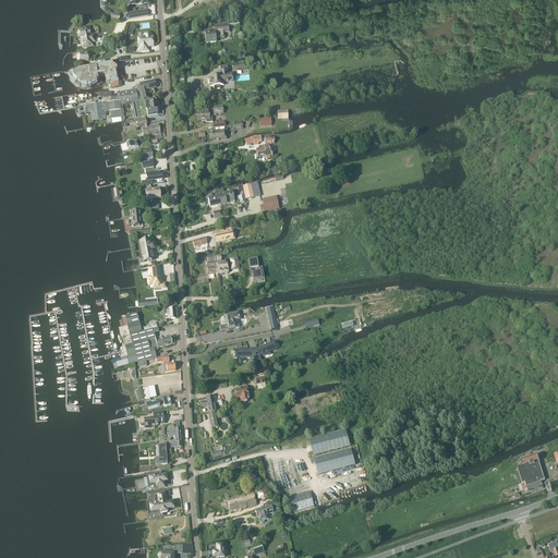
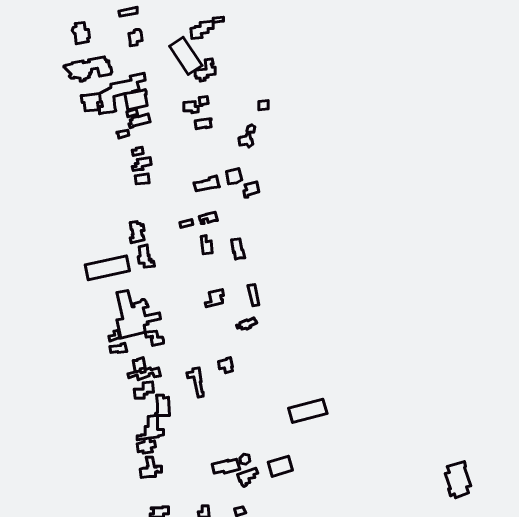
building: none -> [169,37,202,74]
building: none -> [85,256,129,280]
building: [314,447,355,473] -> none
building: [518,452,545,492] -> [445,461,471,498]

